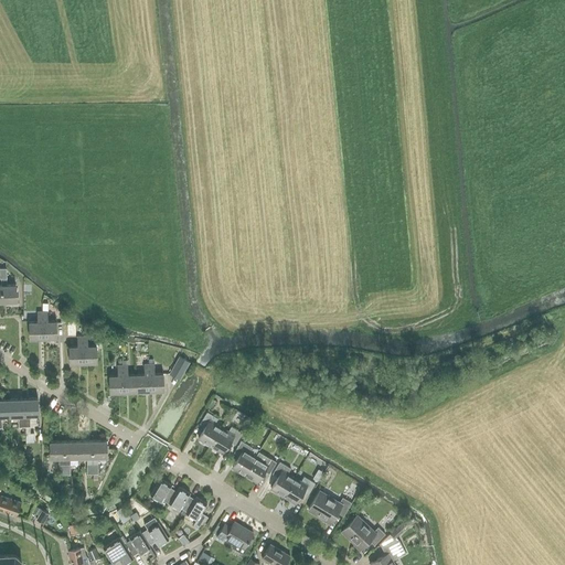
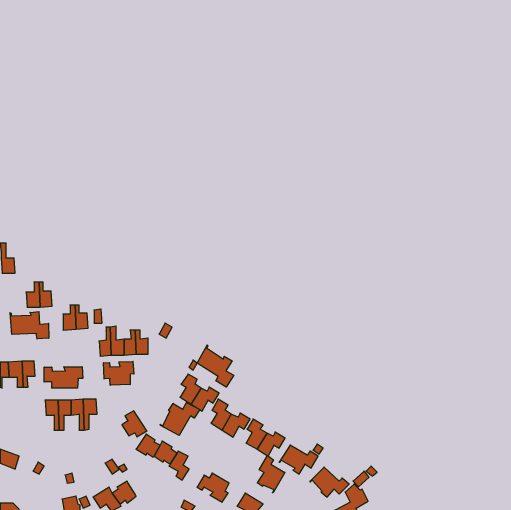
building: none -> [10,312,49,339]
building: none -> [197,345,234,387]
building: none -> [104,361,134,385]
building: none -> [44,367,83,388]
building: none -> [160,402,200,435]
building: none -> [257,456,285,493]
building: [141,519,169,547] -> [122,411,147,437]

